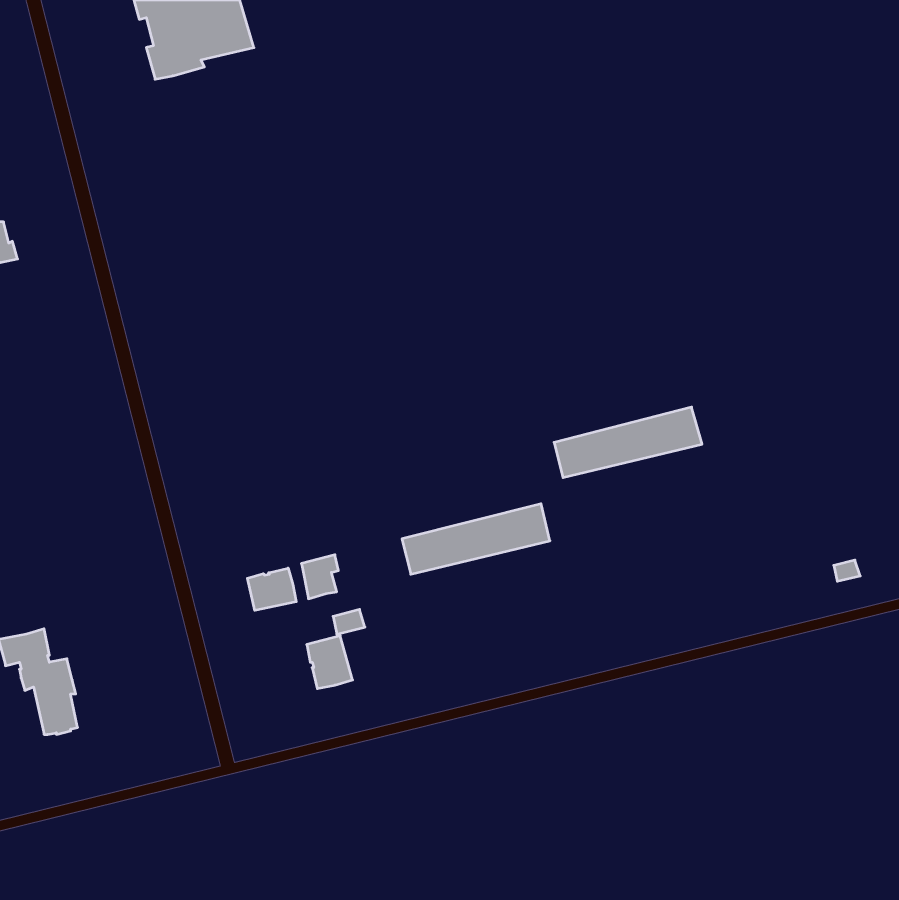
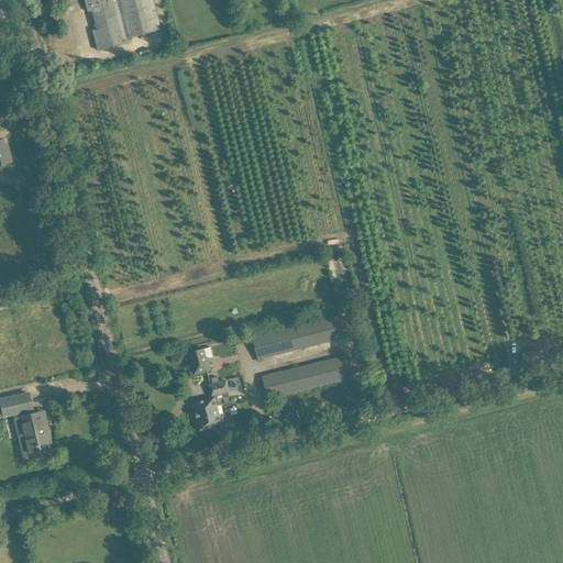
building: [554,407,702,478] -> [261,354,353,398]
building: [247,568,296,610] -> none

